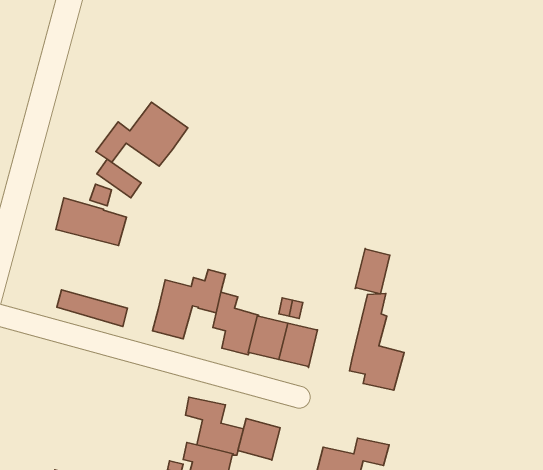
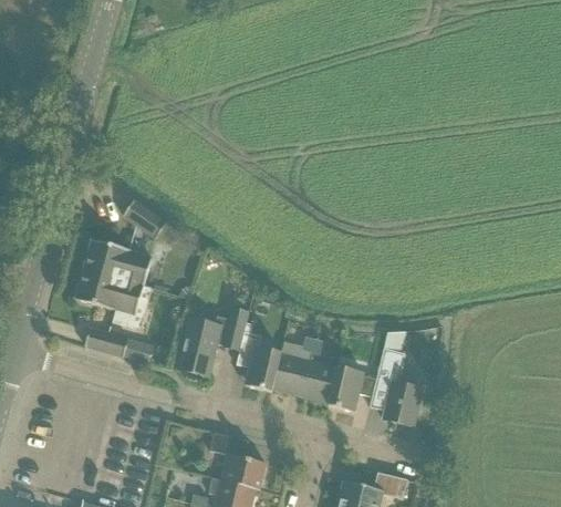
building: [96,102,188,166] -> none
building: none -> [75,269,145,313]
building: [355,249,390,294] -> none
building: none -> [329,365,376,411]
building: [238,418,280,460] -> none

